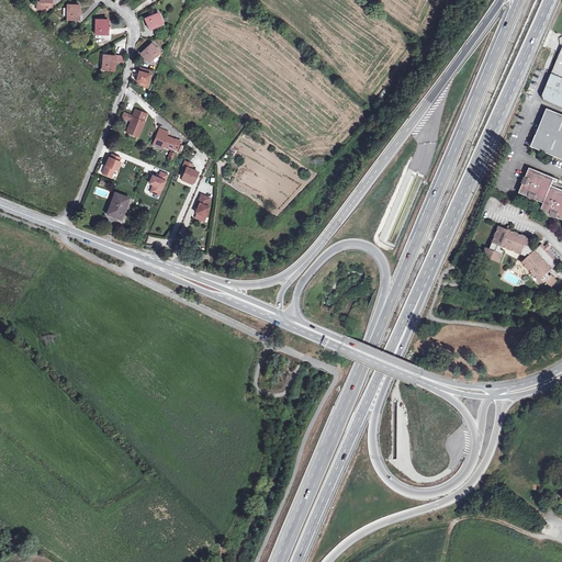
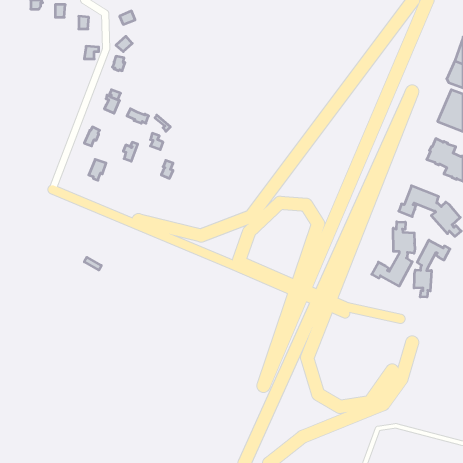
building: none -> [372,222,415,286]
building: none -> [414,240,450,297]

